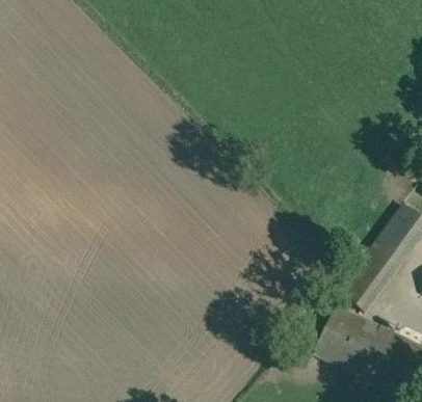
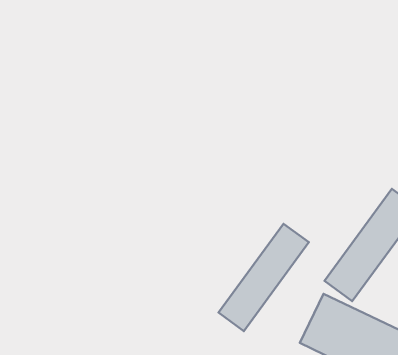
building: none -> [218,224,309,331]

